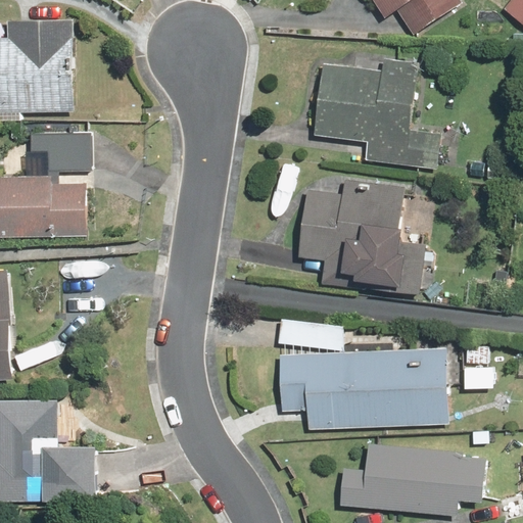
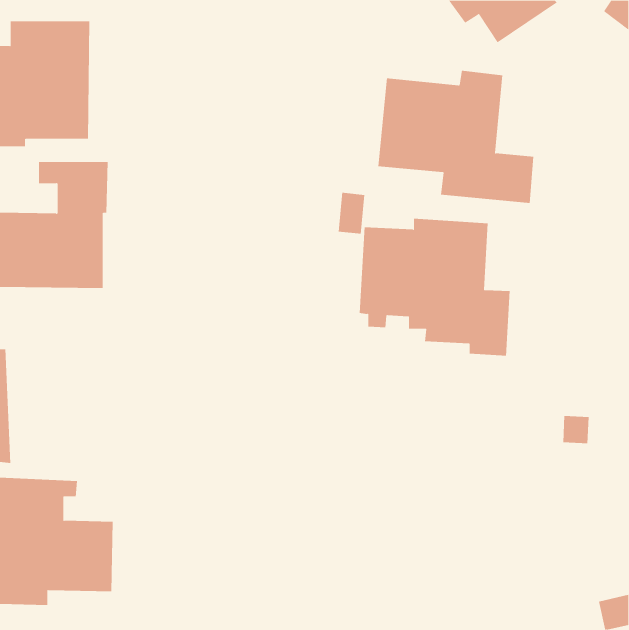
building: [275,318,449,428] -> none
building: [336,442,483,517] -> none

